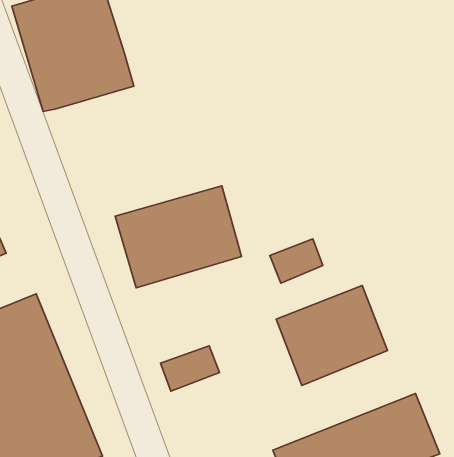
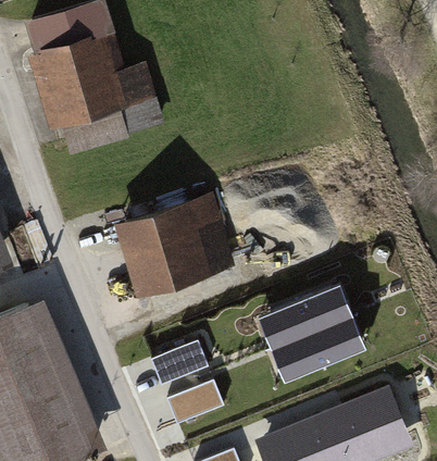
building: none -> [55,62,167,154]
building: [270,239,323,283] -> none
building: none -> [173,381,228,424]

